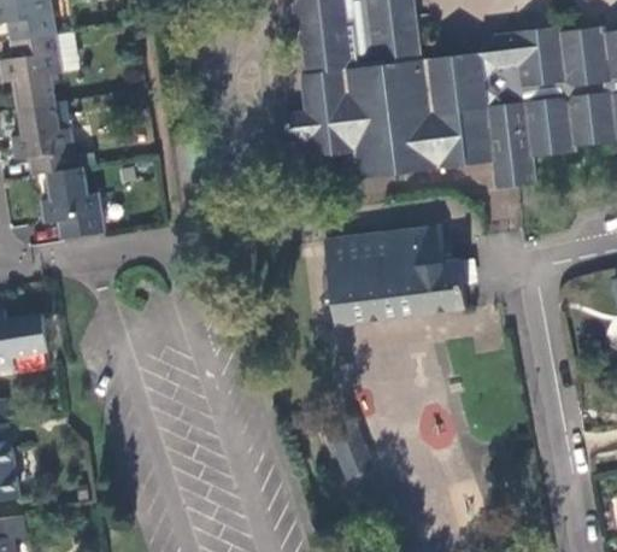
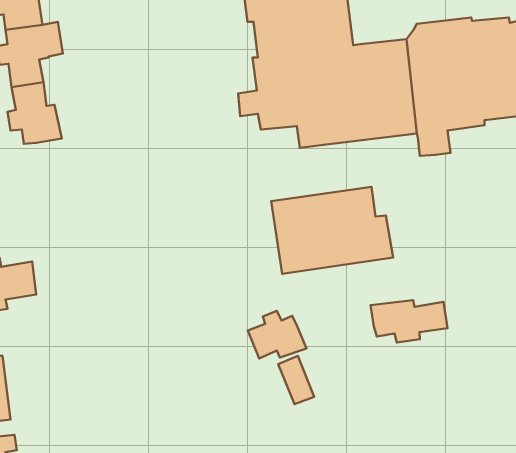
building: [41,168,104,239] -> none
building: none -> [371,300,448,343]
building: none -> [248,311,306,358]

